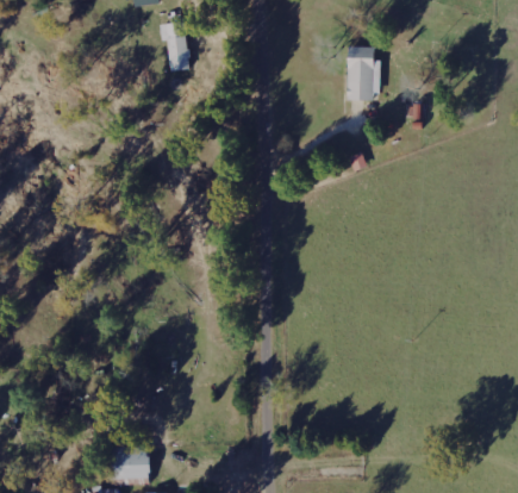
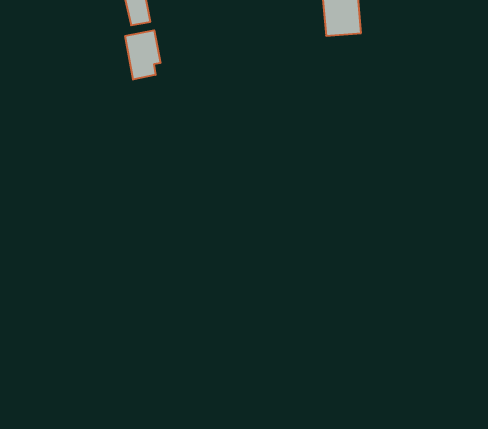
building: none -> [125,30,160,80]

